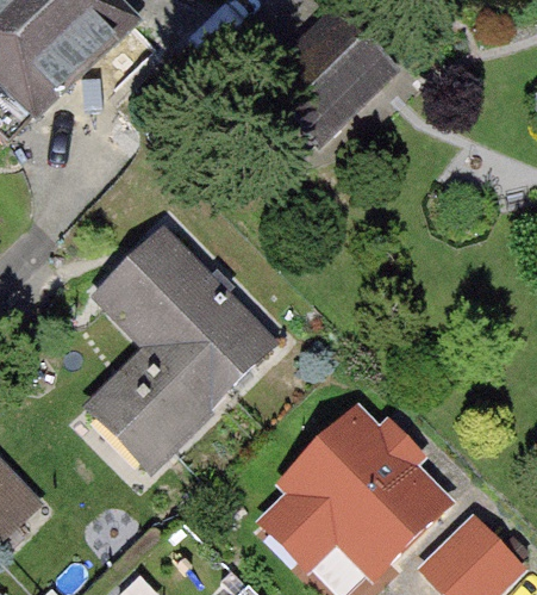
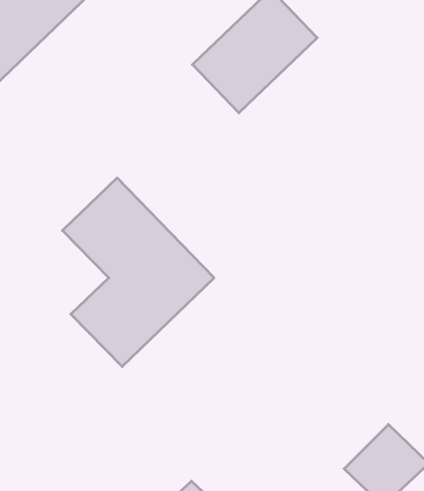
building: [268,413,447,570] -> none

